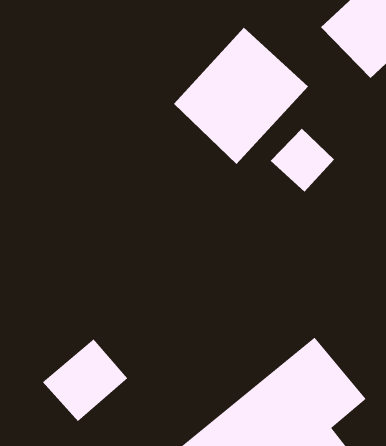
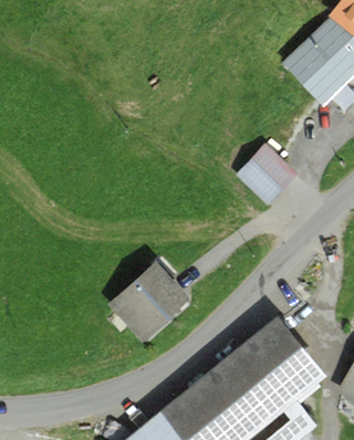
building: [173,27,309,165] -> none
building: [42,339,128,422] -> [113,266,185,336]

